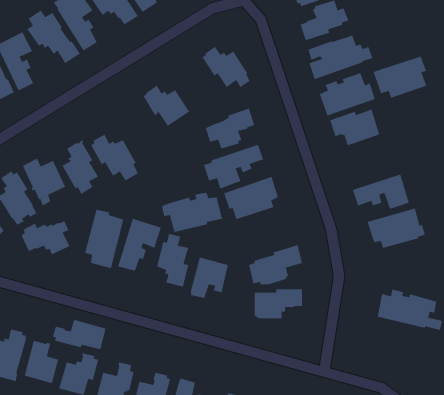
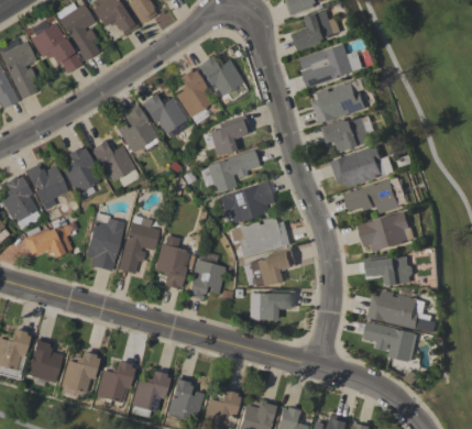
building: [372,55,427,99] -> [331,145,384,187]
building: none -> [176,69,212,117]
building: none -> [118,105,158,152]
building: [161,192,223,233] -> [231,217,290,256]
building: none -> [365,255,414,284]
building: [52,319,107,350] -> none
building: none -> [364,321,417,361]

